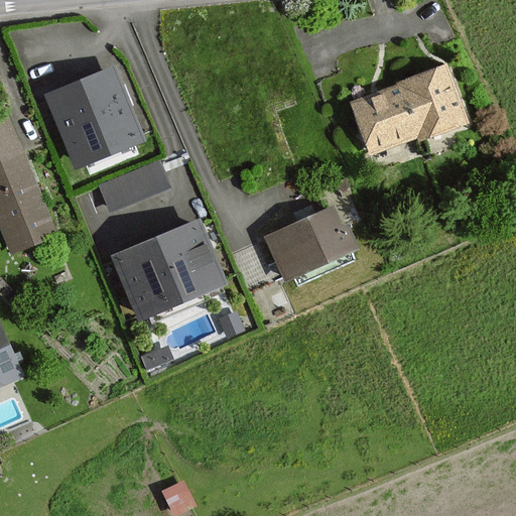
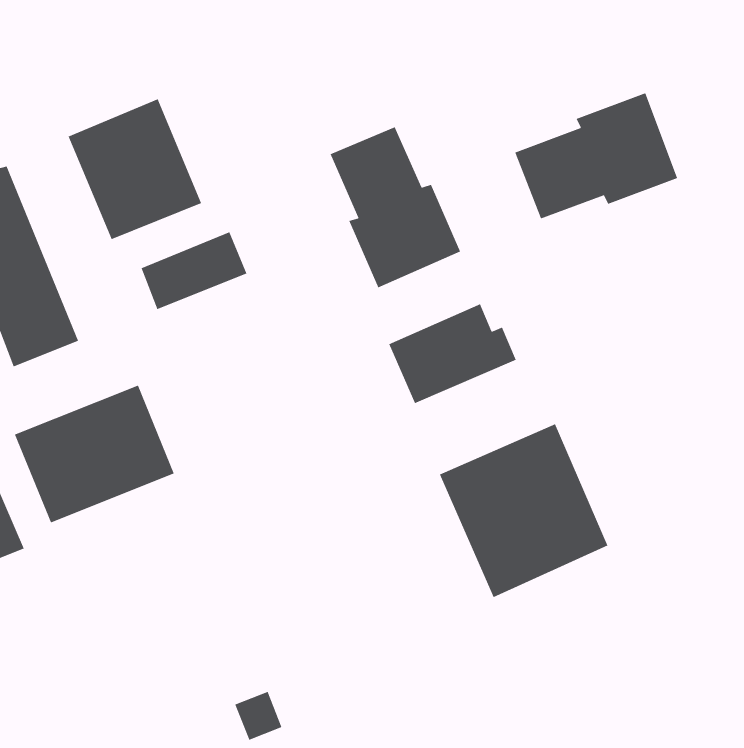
building: none -> [330,126,461,289]
building: [111,221,222,316] -> [14,384,175,524]
building: none -> [439,423,609,598]

